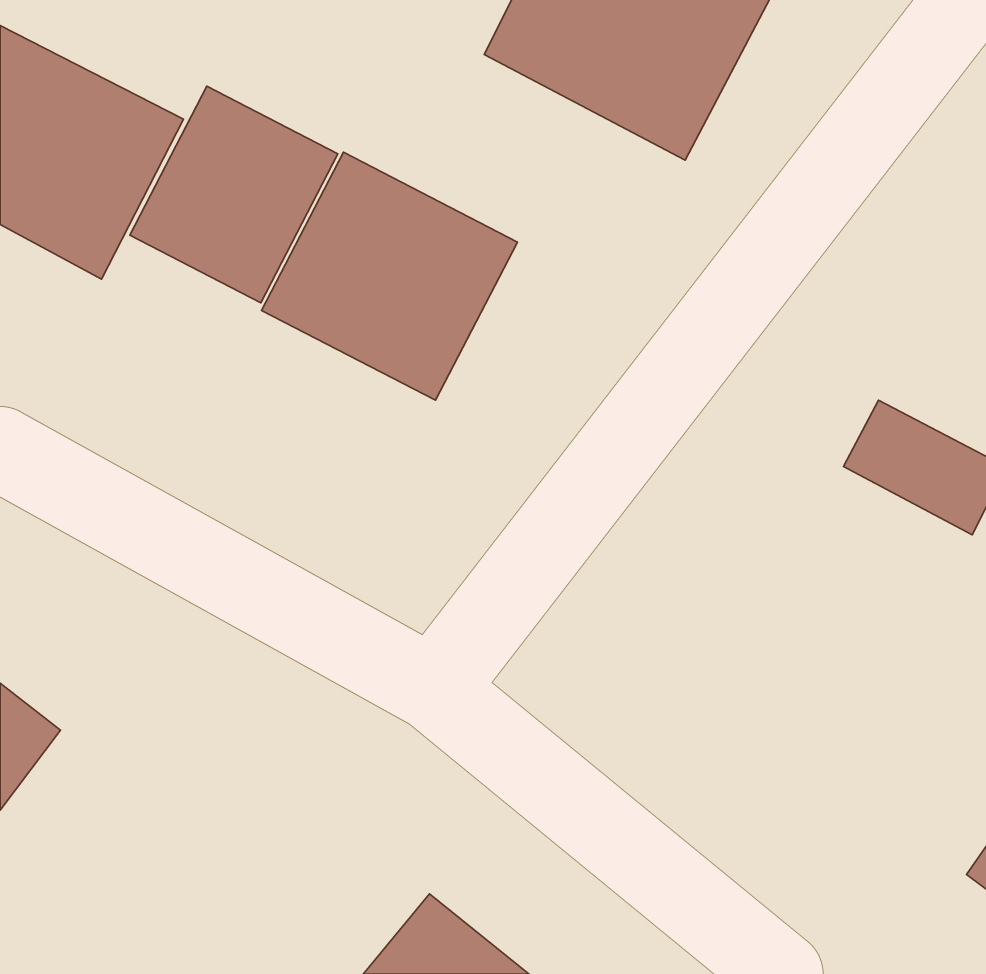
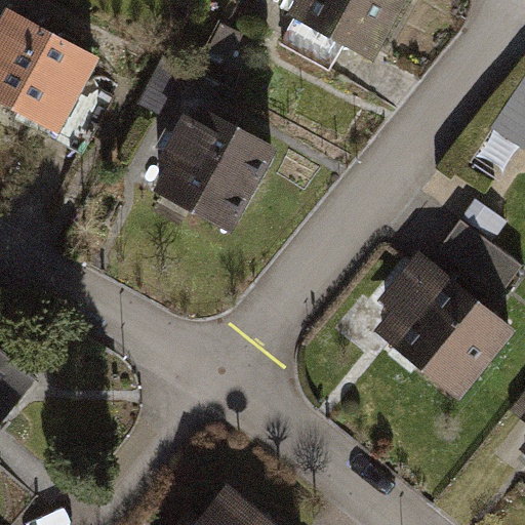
building: [130,86,338,303] -> none
building: none -> [359,249,515,401]

